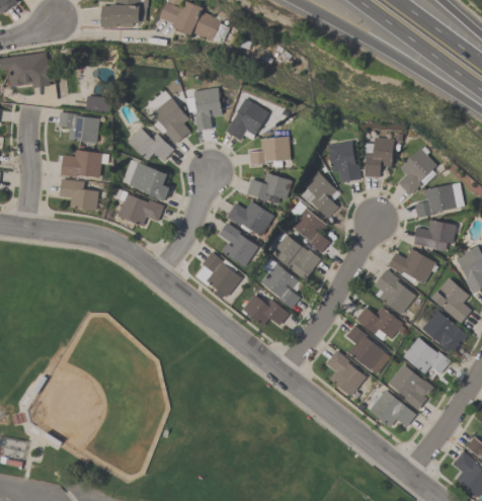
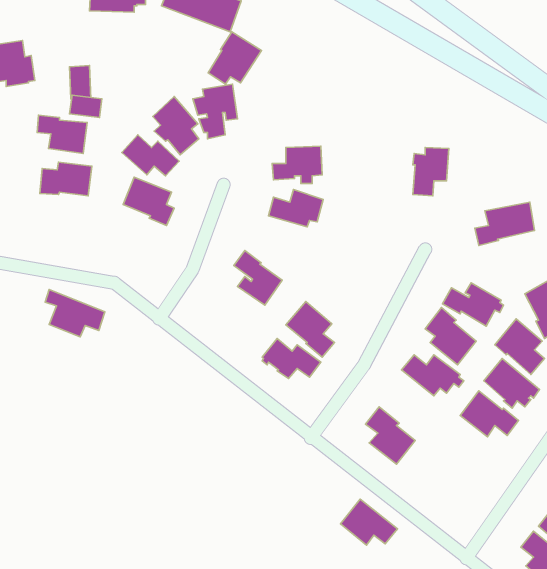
building: [226,97,269,140] -> [208,32,262,84]
building: [328,141,362,182] -> none
building: [398,147,436,194] -> none
building: [305,171,340,218] -> none
building: [60,179,99,210] -> none
building: [114,187,163,226] -> [45,290,105,337]
building: [227,200,274,236] -> none
building: [291,200,330,252] -> none
building: [414,220,457,251] -> none
building: [273,231,321,279] -> none
building: [195,251,244,298] -> none
building: [347,325,391,374] -> none
building: [388,363,434,409] -> none
building: [370,390,416,427] -> [340,499,398,545]

